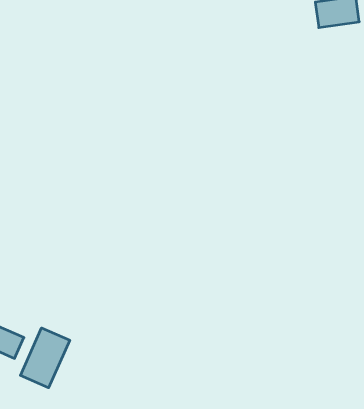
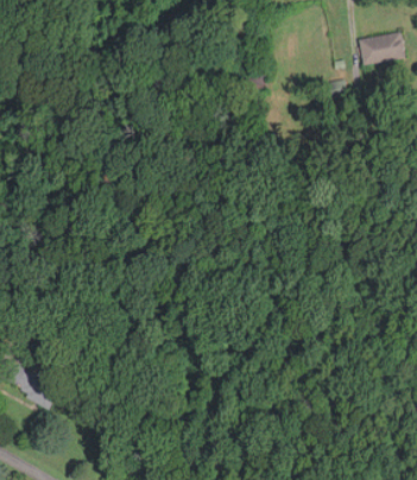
building: [20,328,70,388] -> none

